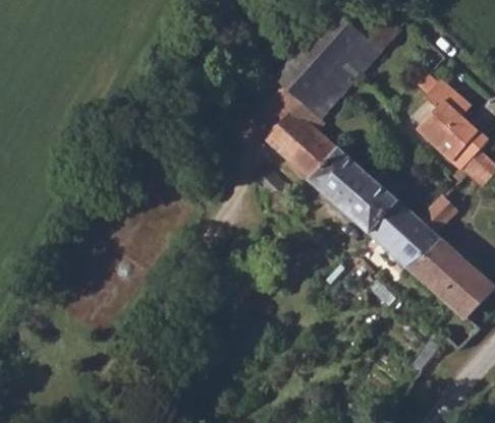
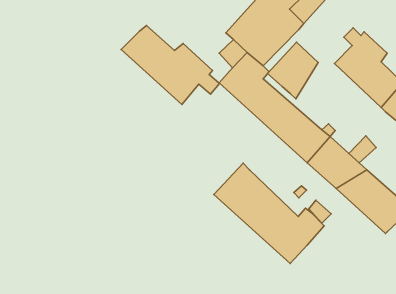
building: none -> [121,25,220,105]
building: none -> [268,42,318,99]
building: none -> [214,163,324,264]

